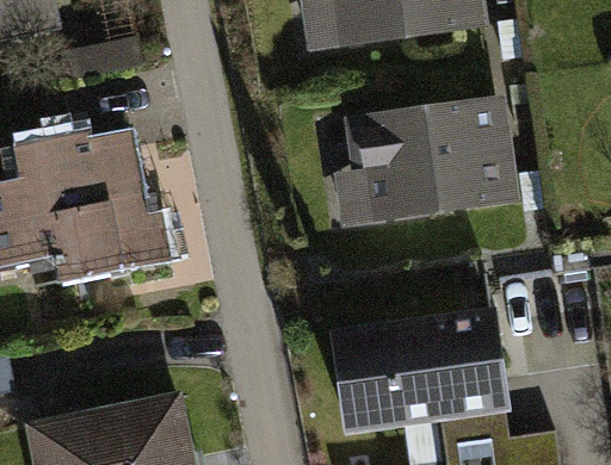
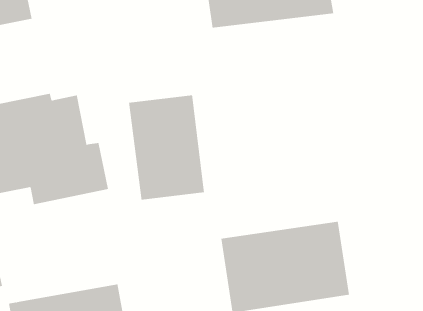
building: [341,100,516,218] -> none
building: none -> [129,94,204,200]

